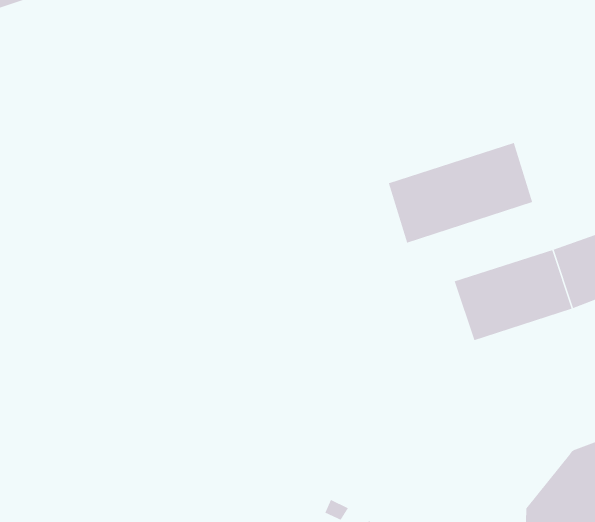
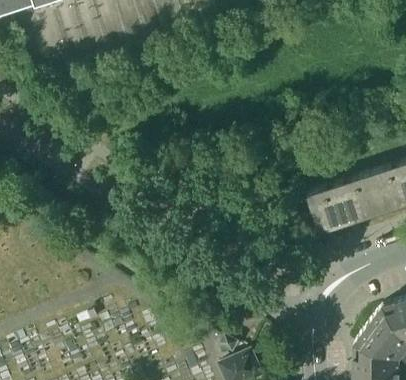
building: [388,142,533,243] -> none

